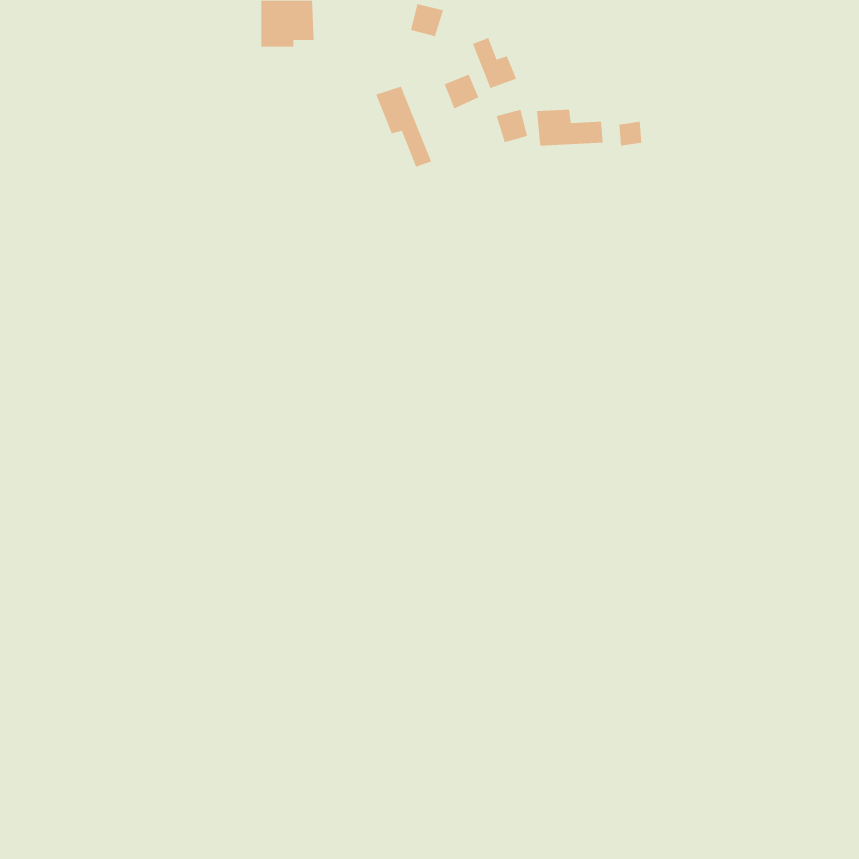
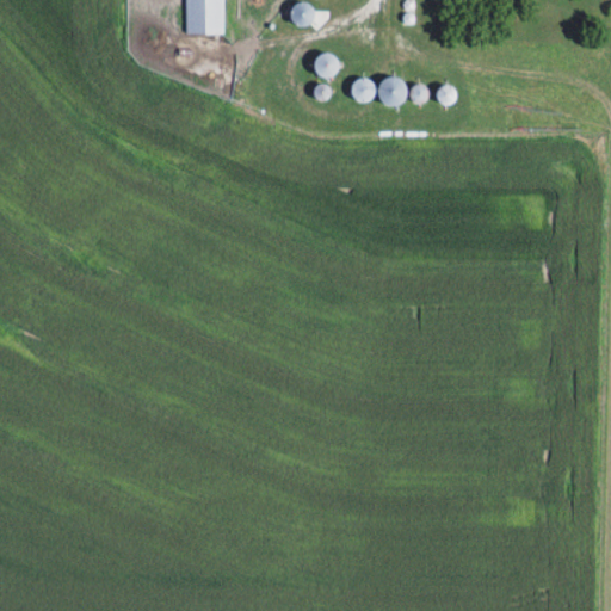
building: [472,37,517,89] -> none
building: [375,86,432,168] -> none

